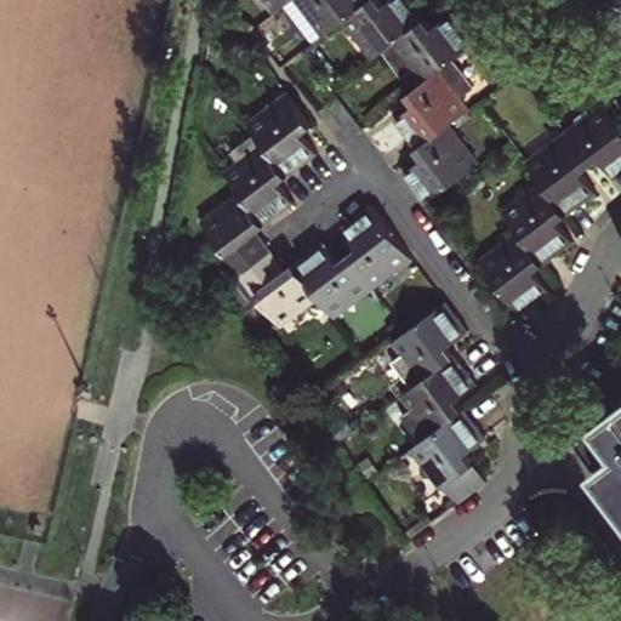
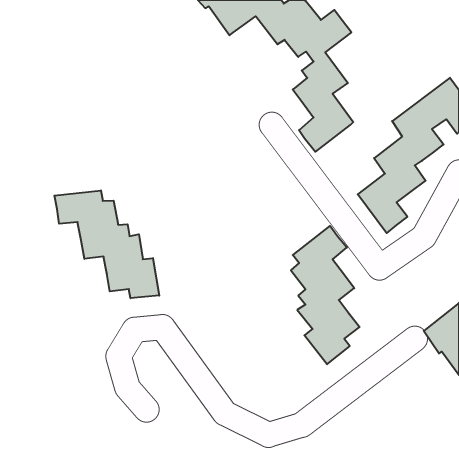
building: [201,96,409,326] -> none
building: none -> [54,190,159,298]

